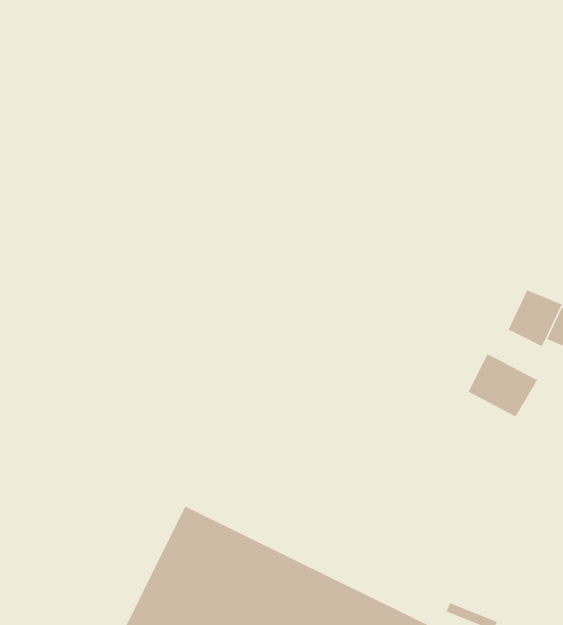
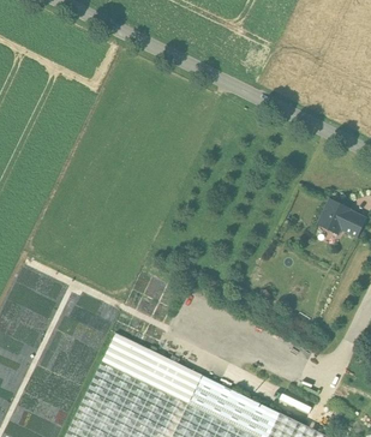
building: [468,353,539,417] -> none

